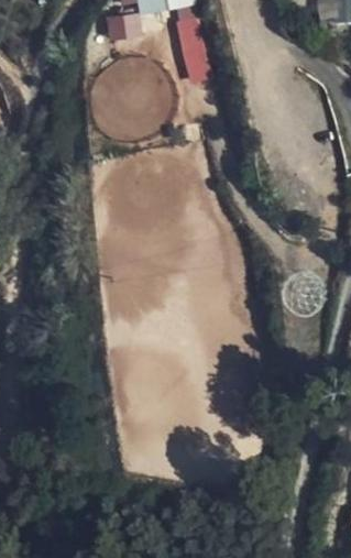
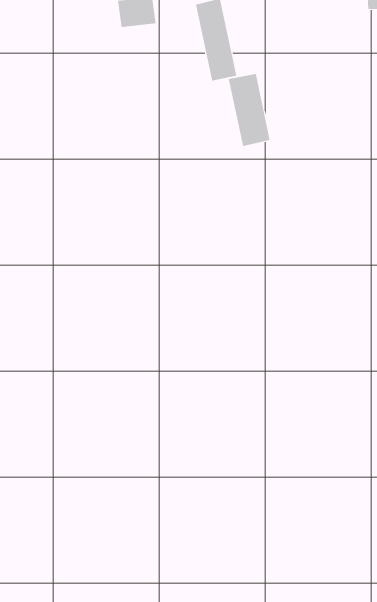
building: none -> [228,73,270,147]

